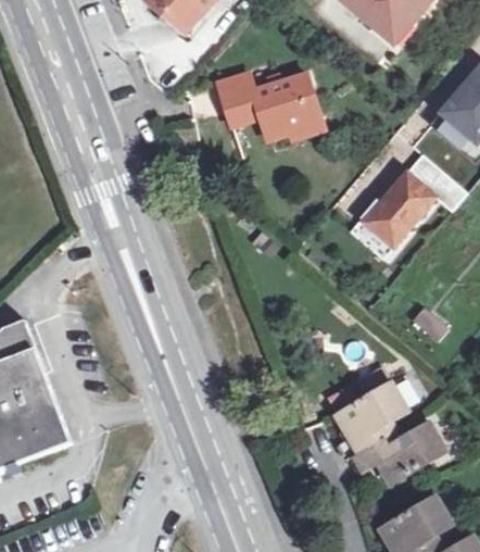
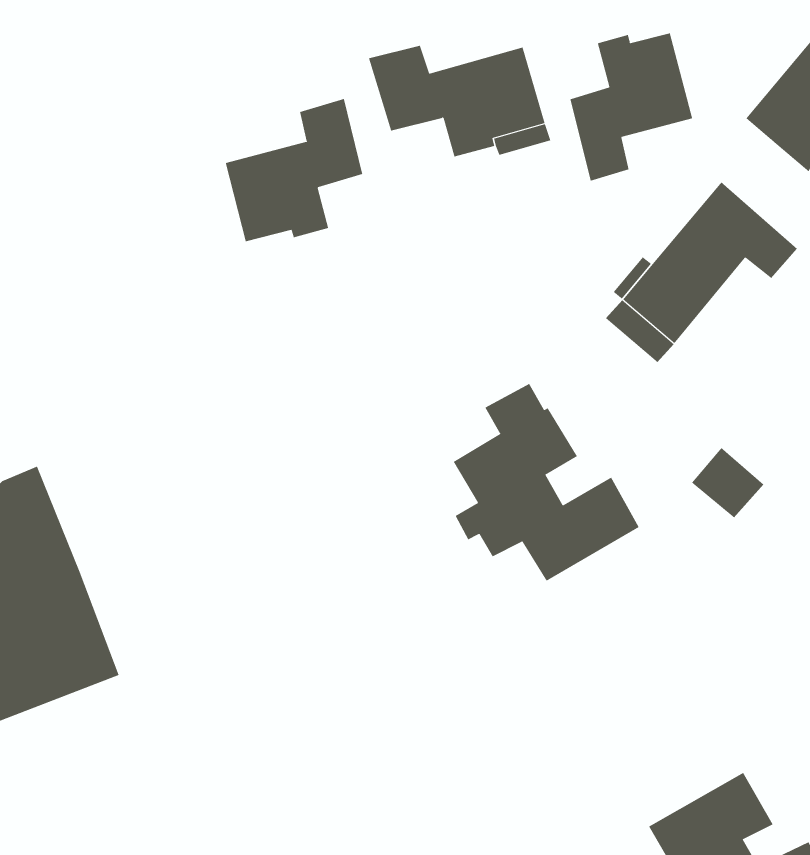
building: none -> [570,32,693,182]
building: none -> [225,98,363,242]
building: [336,368,444,484] -> [453,383,640,581]

